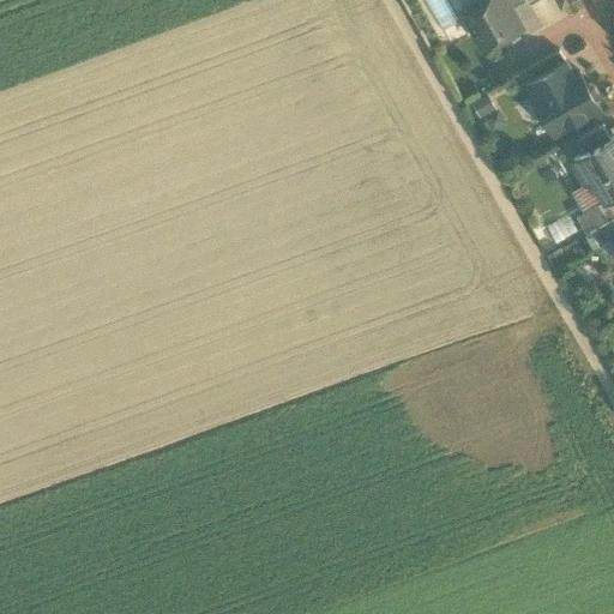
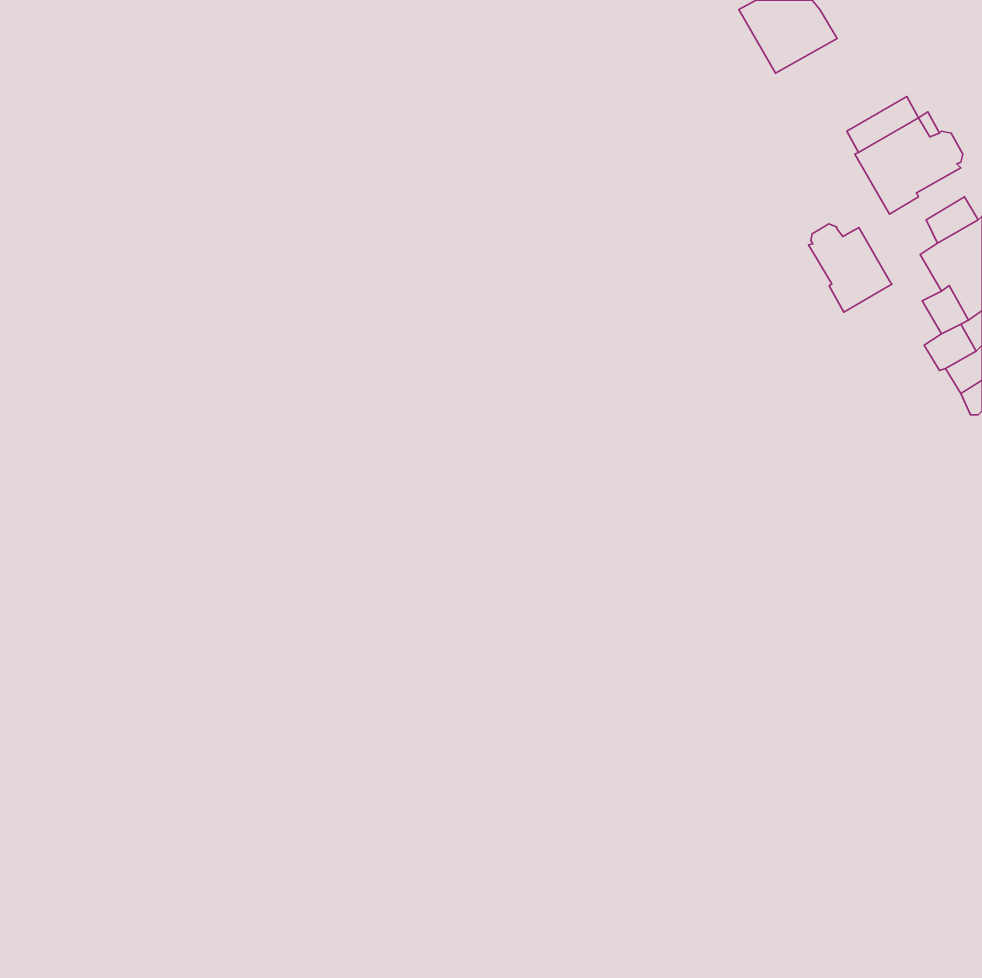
building: none -> [809,224,892,312]

